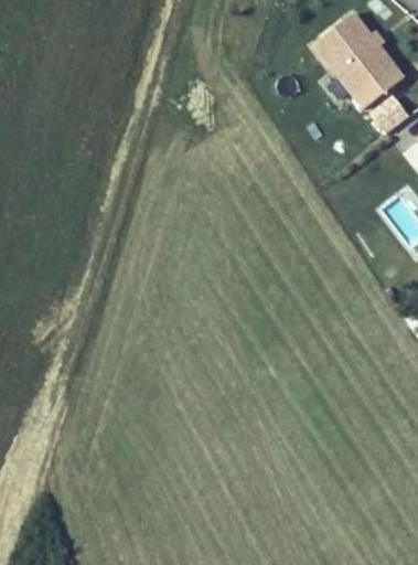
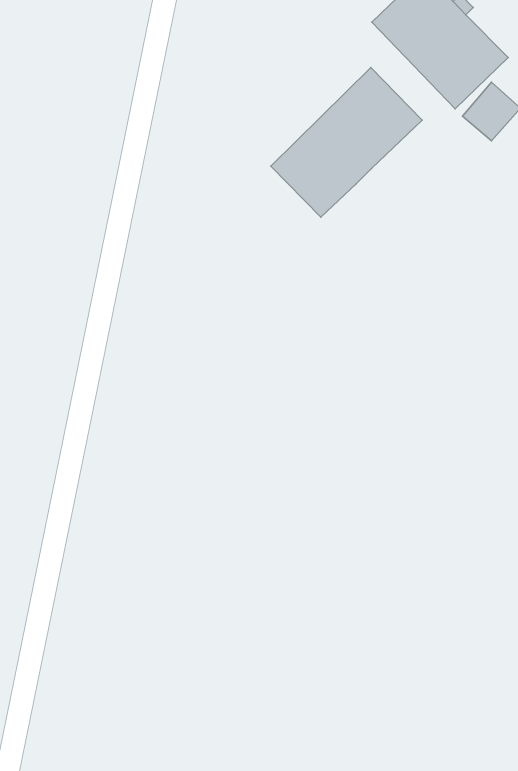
building: none -> [271,67,422,217]

